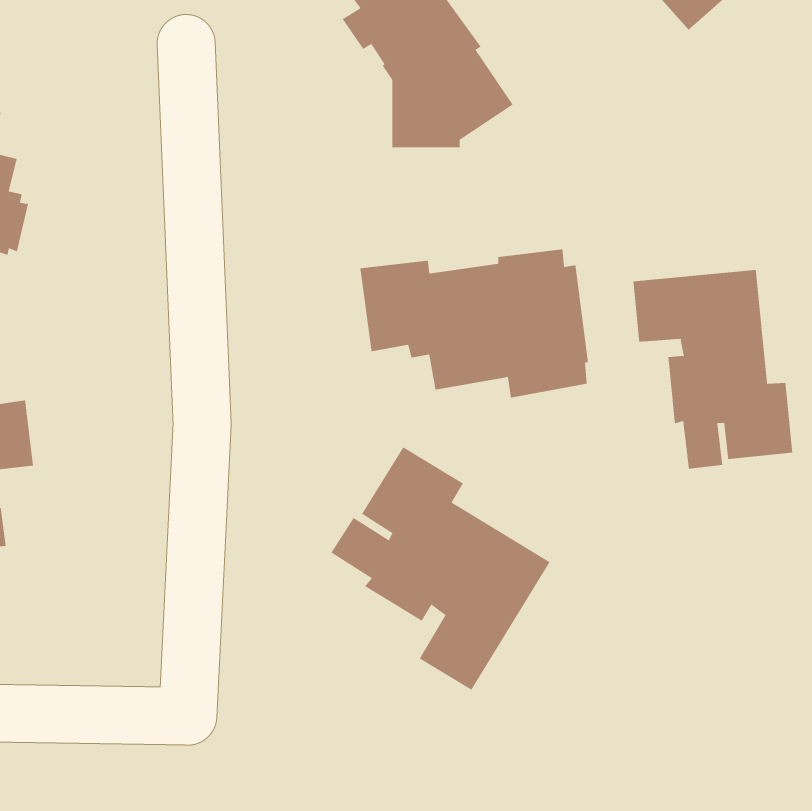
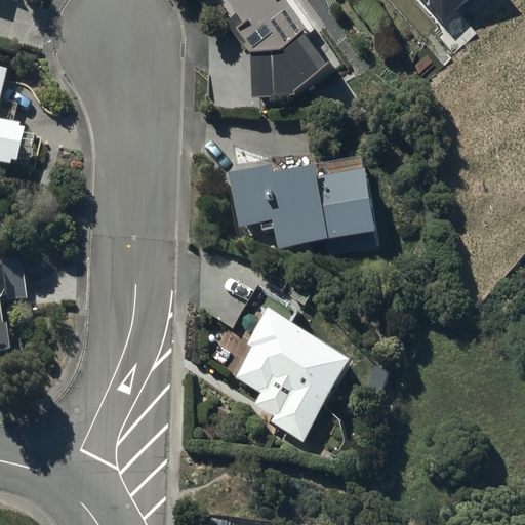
building: [633,269,793,469] -> none

